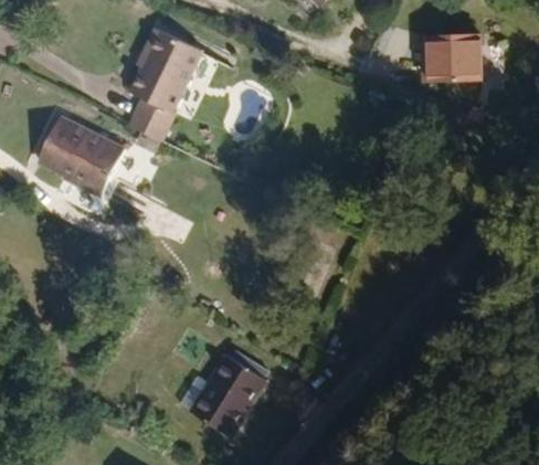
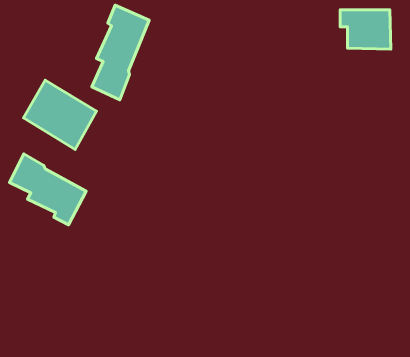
building: none -> [10,154,86,225]
building: [186,355,271,440] -> none

